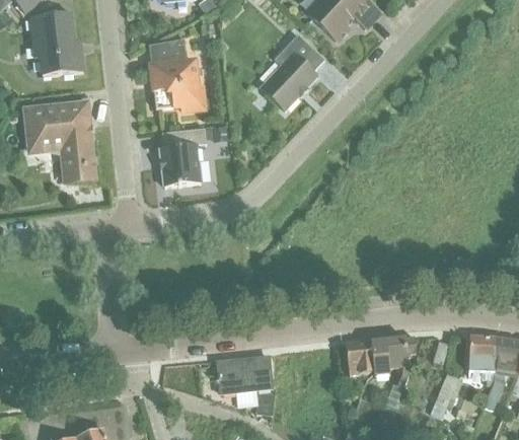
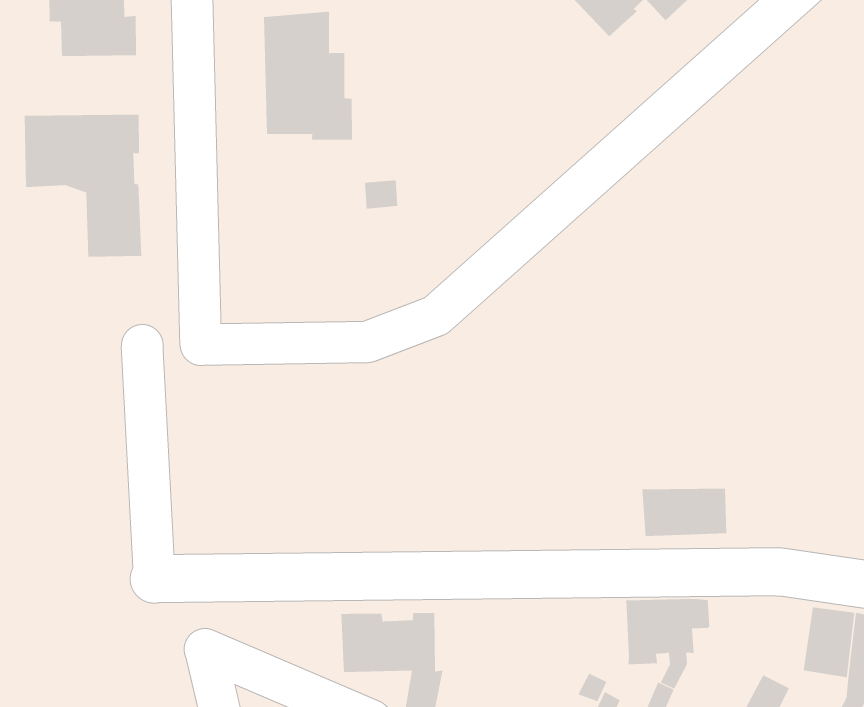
building: [260,33,323,109] -> none
building: [159,128,206,186] -> none
building: none -> [642,488,727,537]
building: [345,341,373,374] -> none

